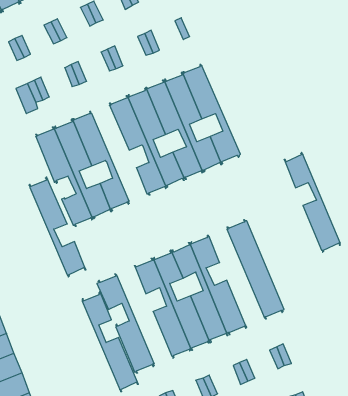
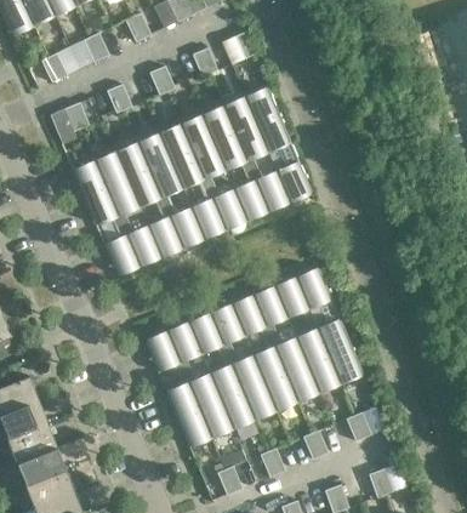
building: [284,152,340,252] -> [273,277,338,393]
building: [29,177,86,277] -> [136,132,203,249]
building: [82,292,138,392] -> [166,321,232,438]

